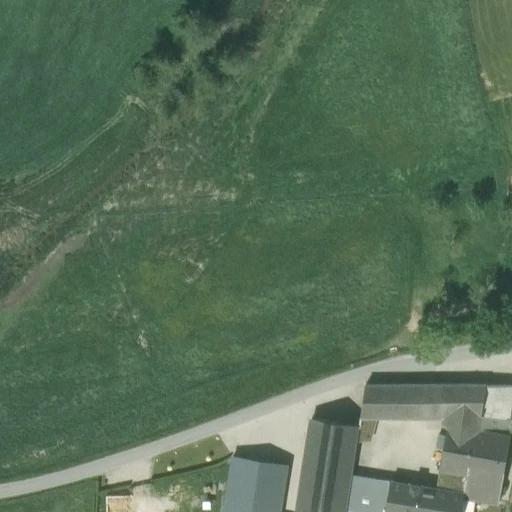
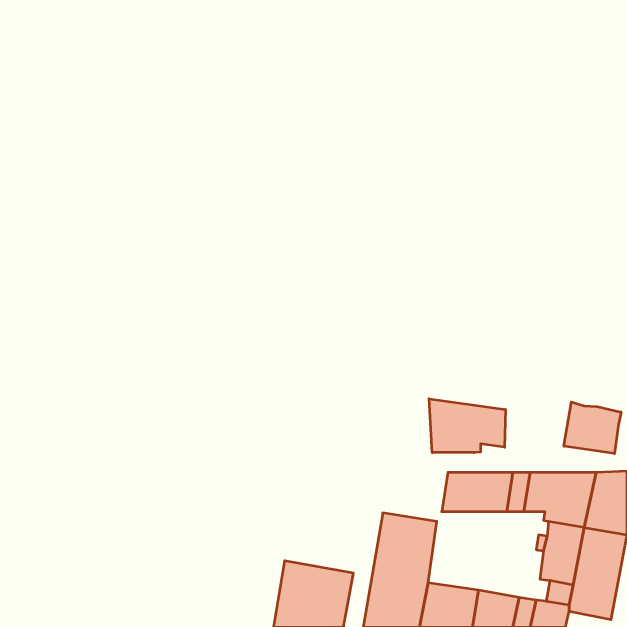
building: none -> [429,399,505,453]
building: none -> [564,402,621,454]

